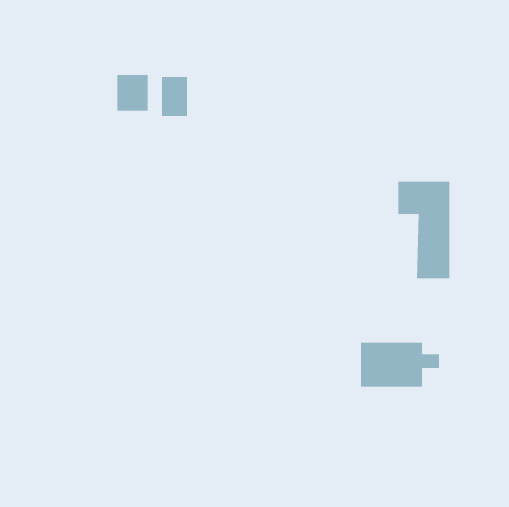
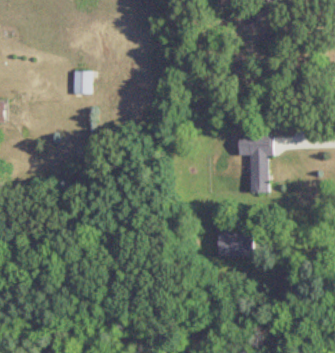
building: [161,76,188,117] -> none

